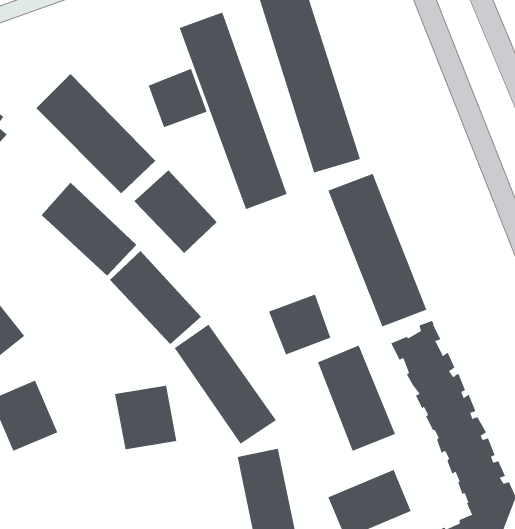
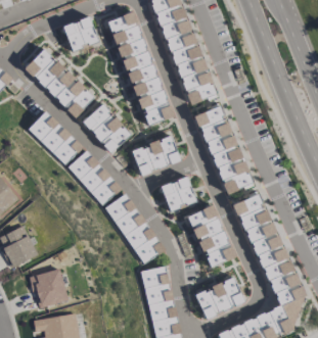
building: [148,68,207,128] -> [63,16,98,51]
building: none -> [132,136,180,175]
building: [114,385,177,450] -> [31,270,67,307]

